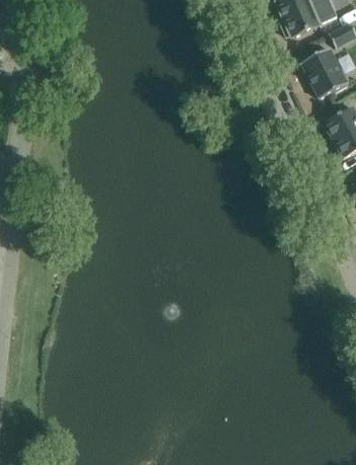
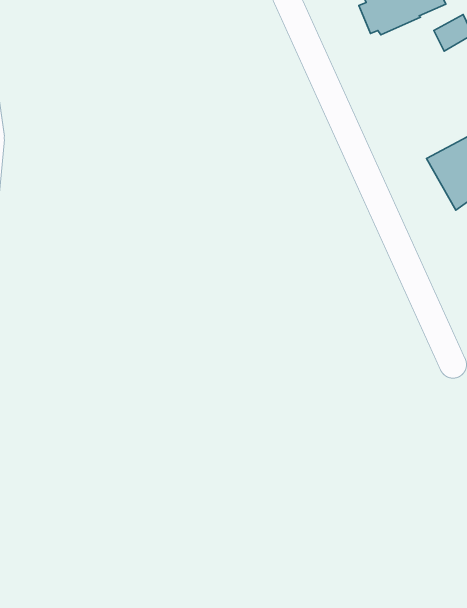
building: [300,48,347,98] -> none

